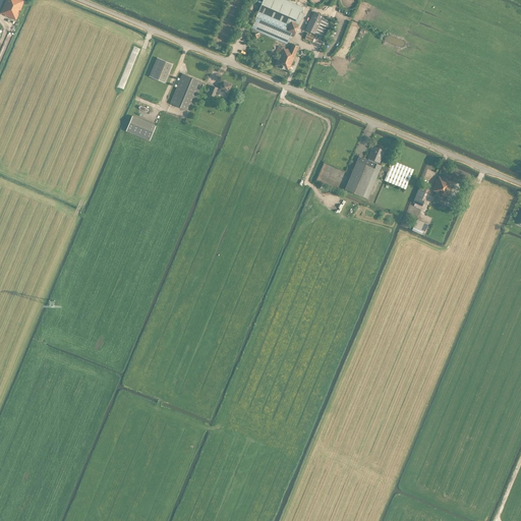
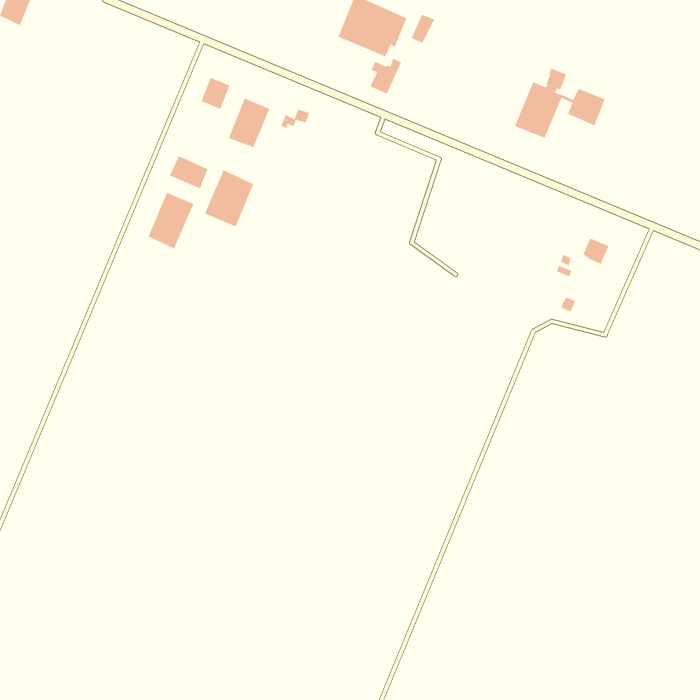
building: none -> [204,169,254,227]
building: none -> [148,192,195,250]
building: [344,144,412,197] -> [514,67,606,139]

